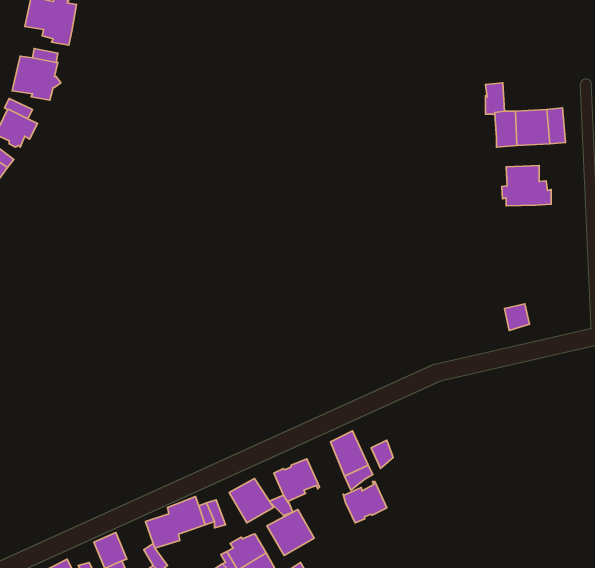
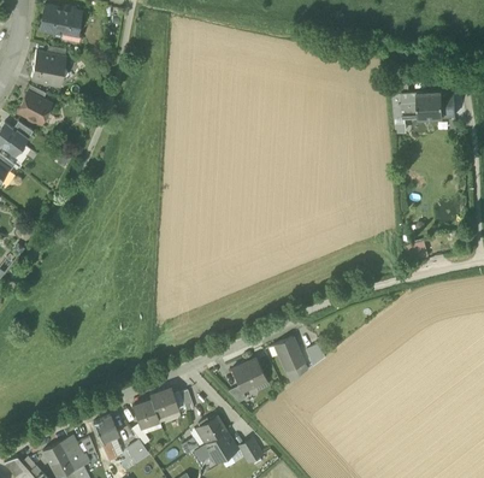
building: [502,165,551,206] -> none
building: [229,479,273,523] -> none
building: [343,481,387,523] -> none
building: [267,510,314,556] -> none

